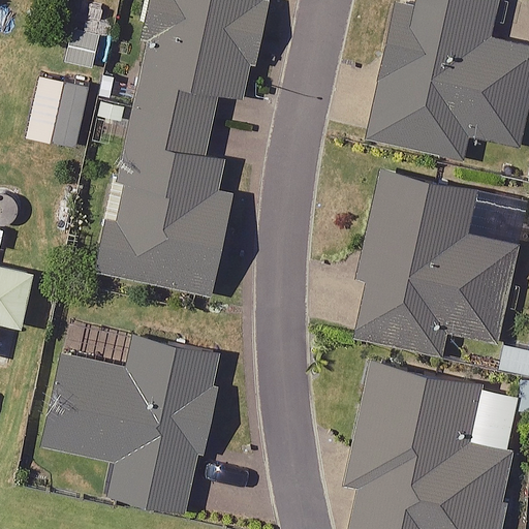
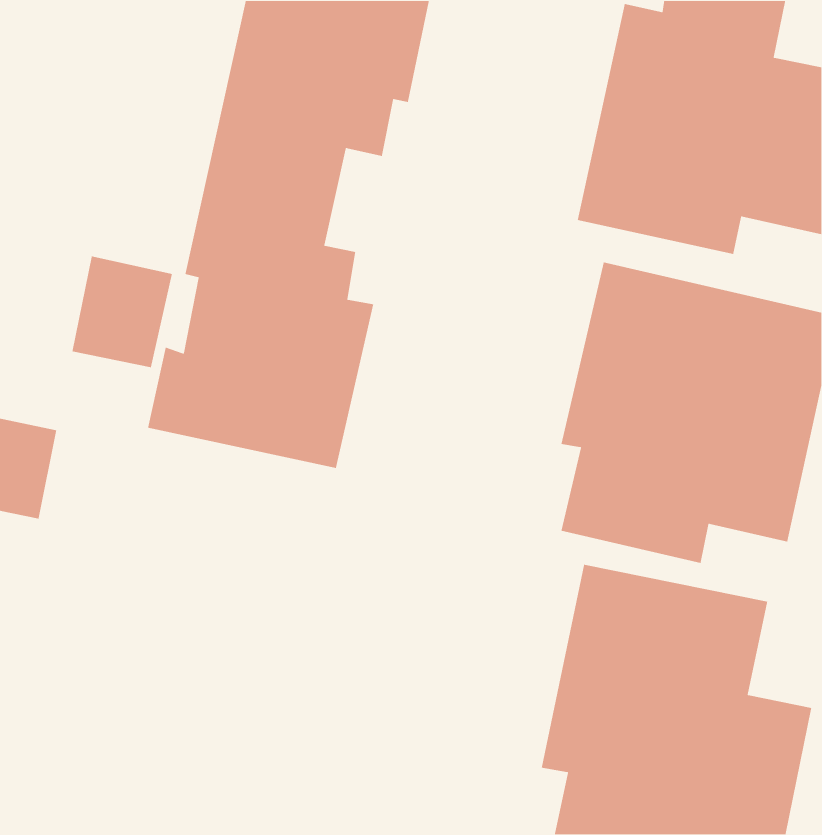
building: [27,75,91,147] -> [72,256,173,368]
building: [38,336,221,510] -> none

